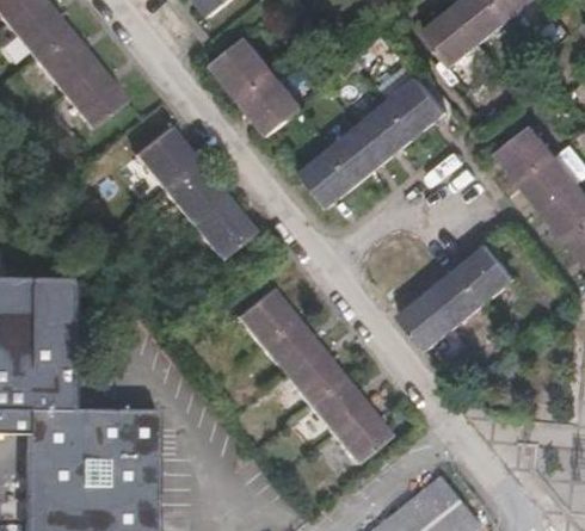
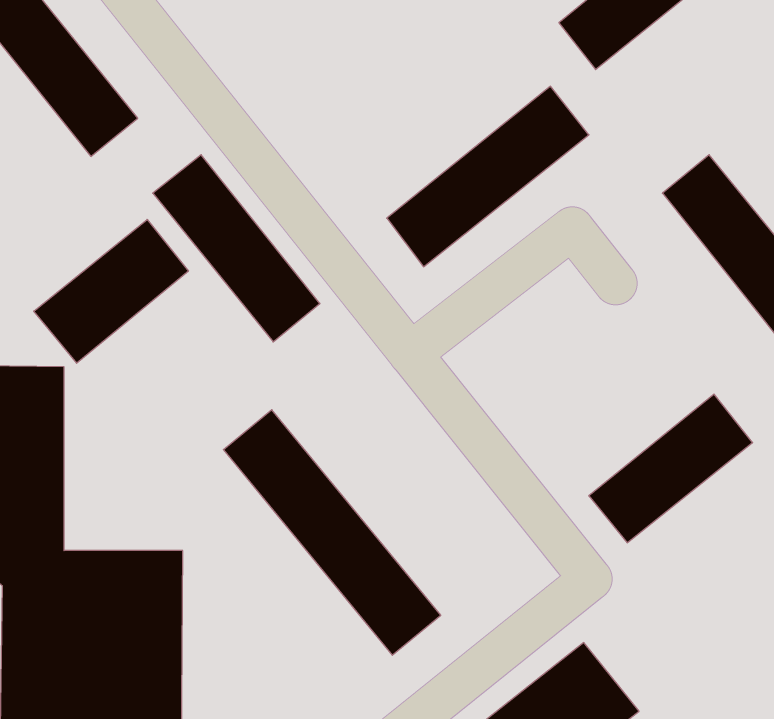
building: [214,36,304,134] -> none
building: none -> [34,219,188,363]
building: [400,242,517,348] -> [589,394,753,543]
building: [236,286,392,462] -> [223,410,441,655]

